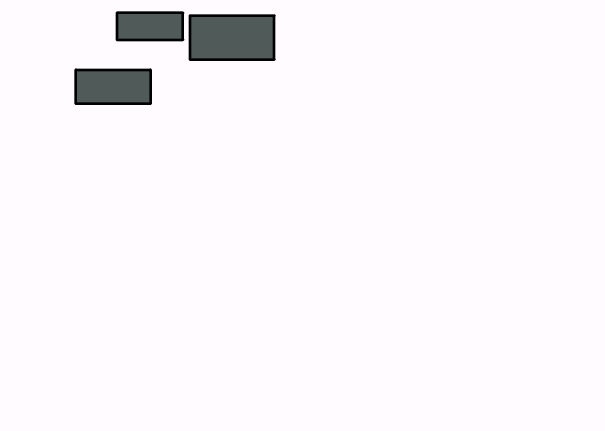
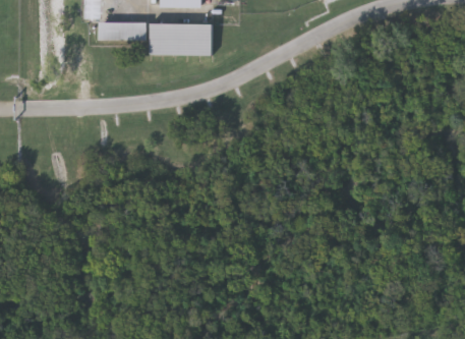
building: [76,70,150,104] -> none

